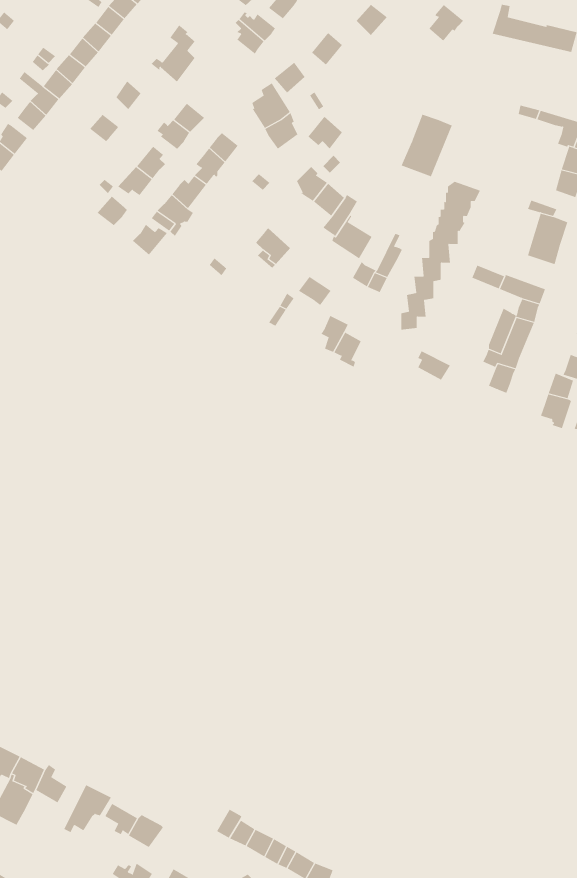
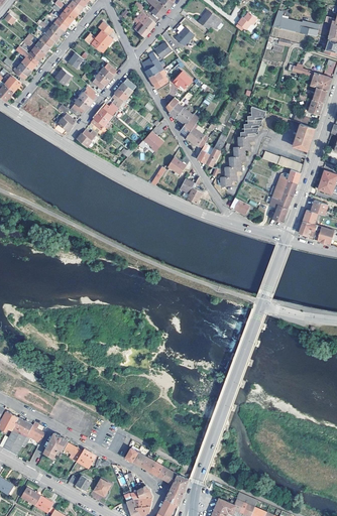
building: [401,114,452,177] -> none

